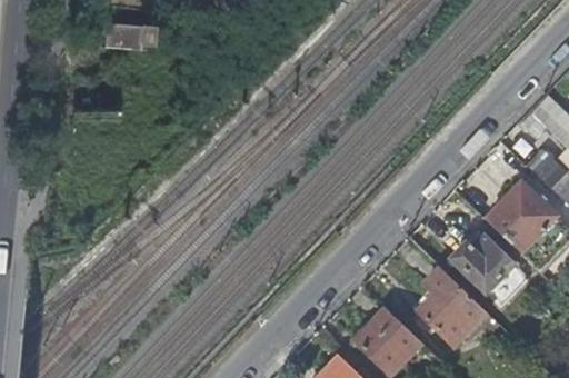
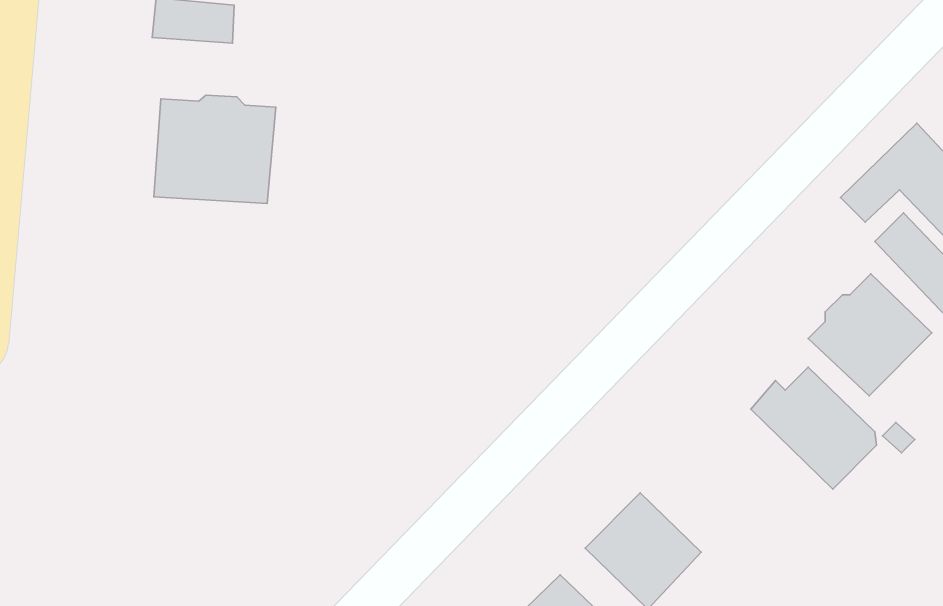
building: none -> [154,95,276,203]
building: [418,267,487,347] -> none

